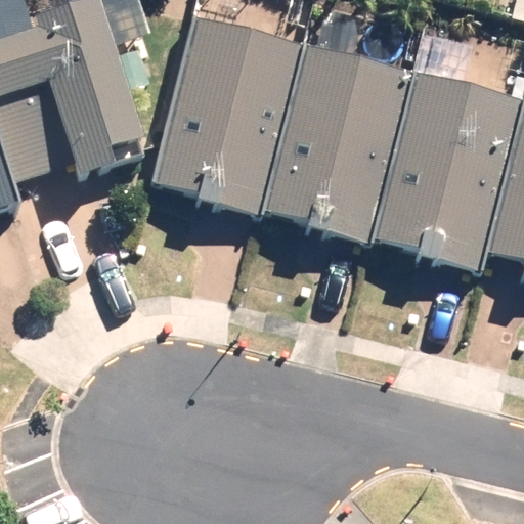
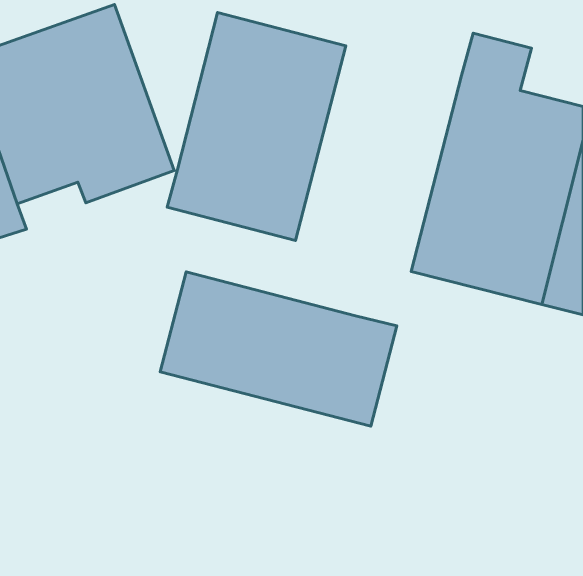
building: [264,41,412,243] -> none
building: none -> [160,272,397,426]

